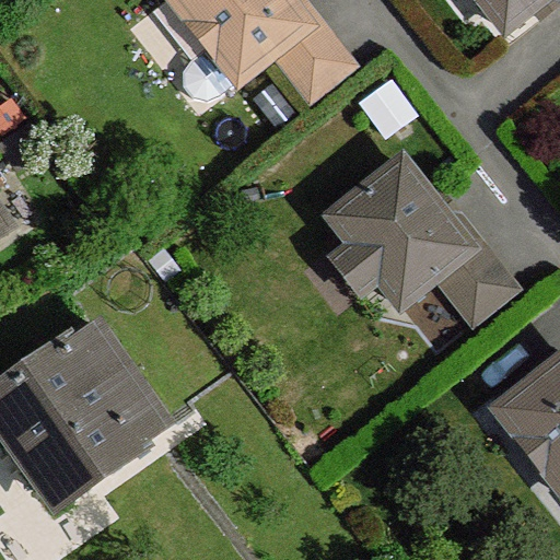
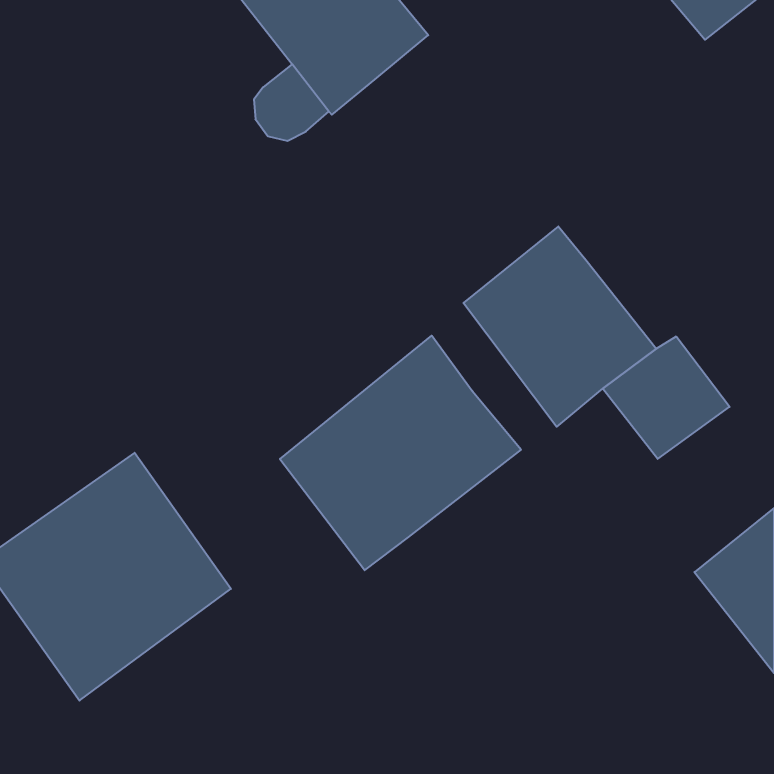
building: [268,15,359,106] -> none
building: none -> [280,336,521,570]

